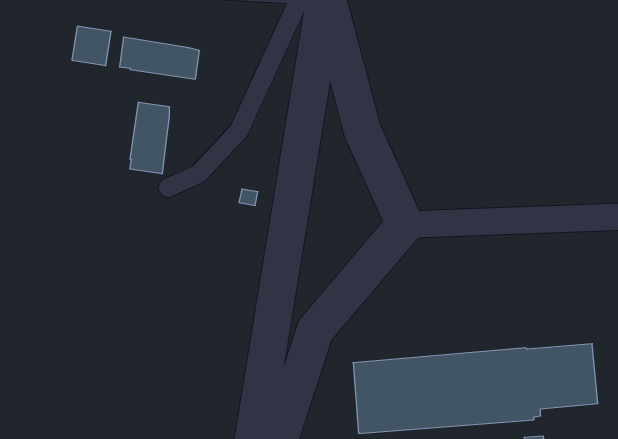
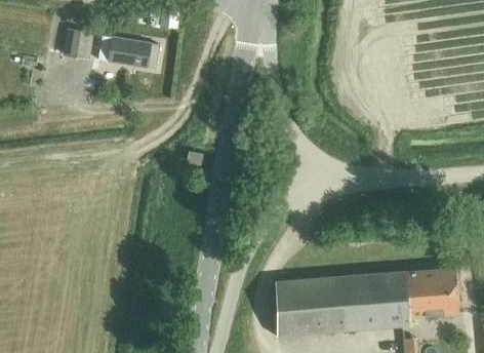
building: [130,102,169,174] -> none

